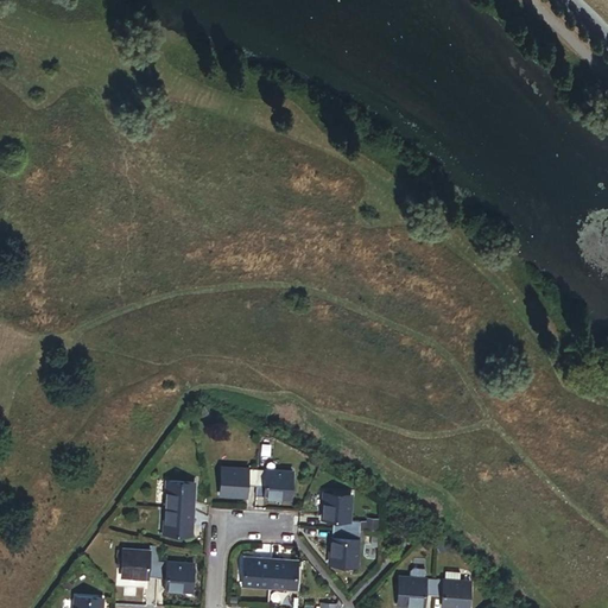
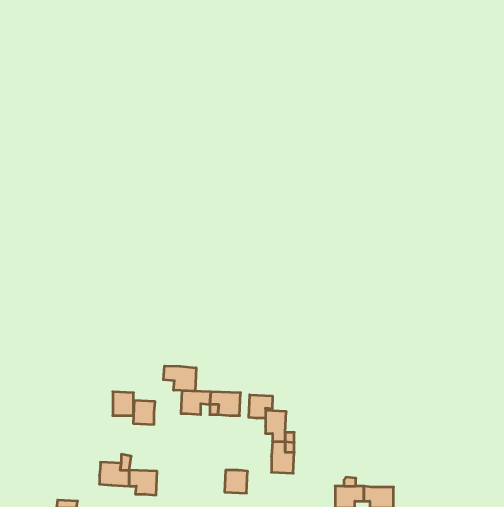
building: none -> [163,366,196,391]
building: none -> [249,395,272,418]
building: [164,507,189,536] -> [113,392,134,416]
building: [247,562,274,589] -> none

